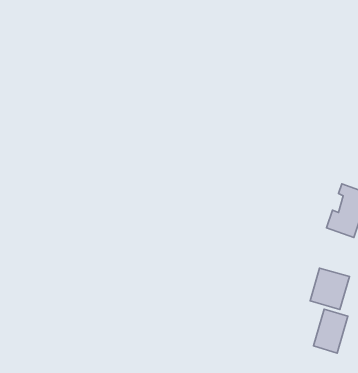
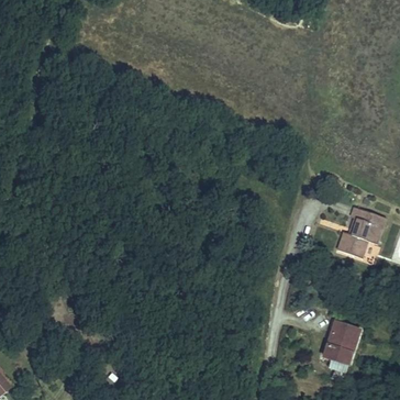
building: [310,268,349,309] -> none

